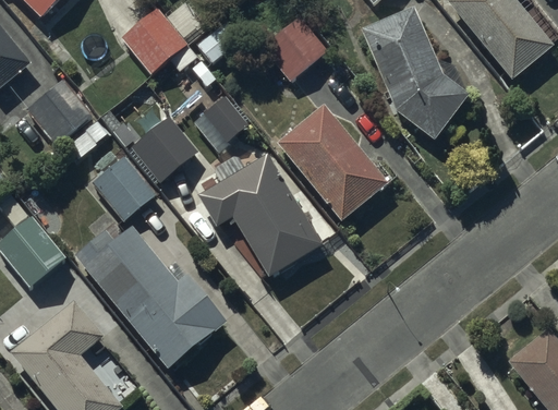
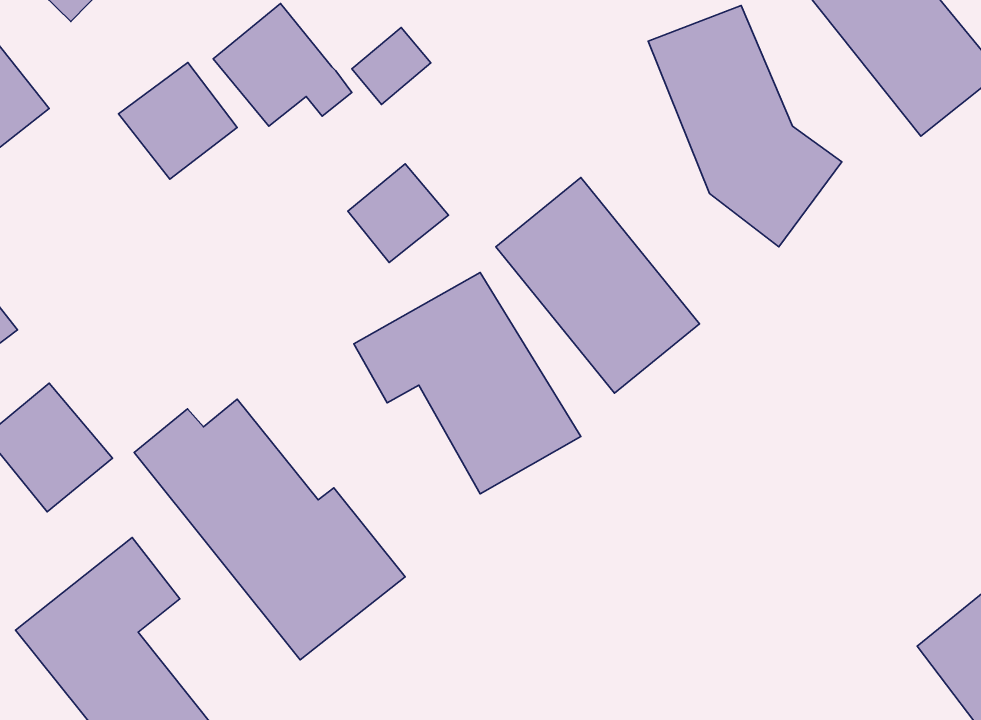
building: [263,15,328,81] -> none
building: [27,80,93,144] -> [118,62,237,179]
building: [132,116,199,182] -> none
building: [93,154,157,219] -> none

